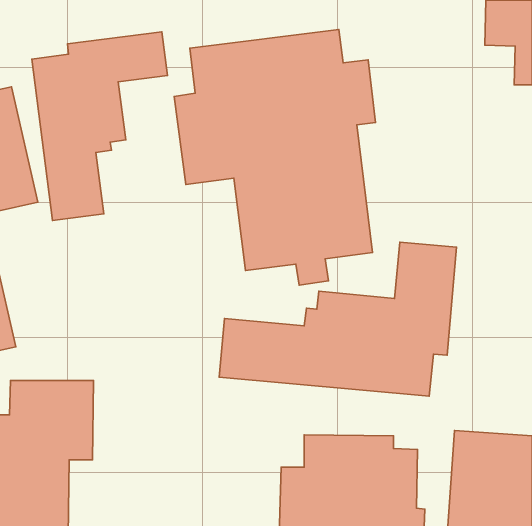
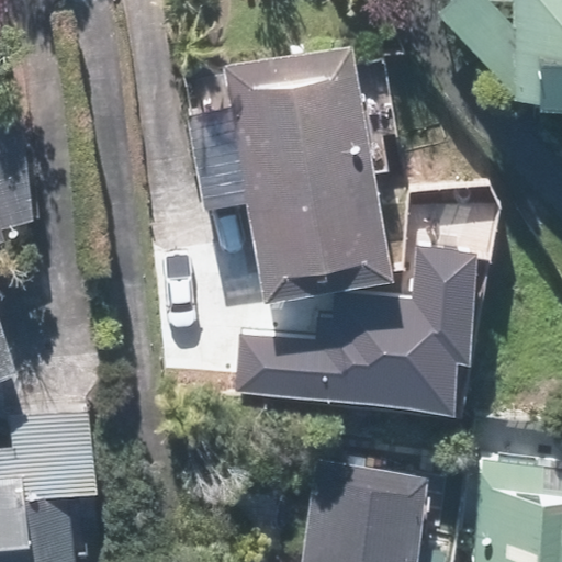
building: [32,32,168,220] -> none

